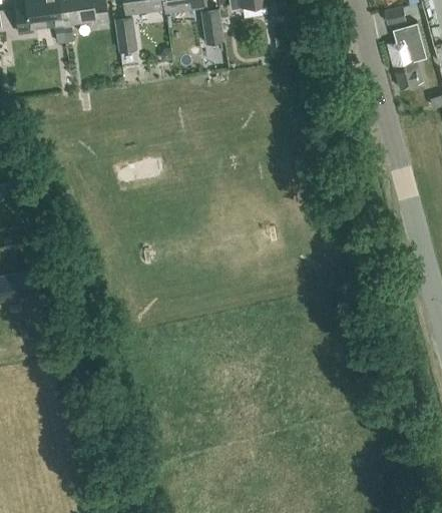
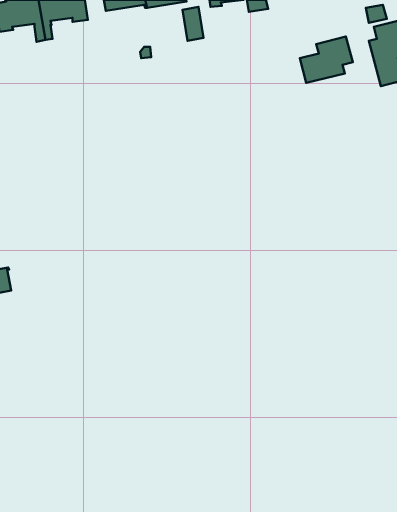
building: [116,17,136,50] -> none
building: none -> [300,36,353,83]

